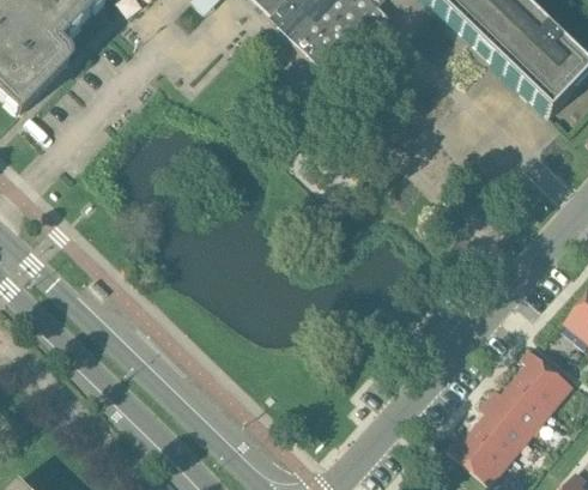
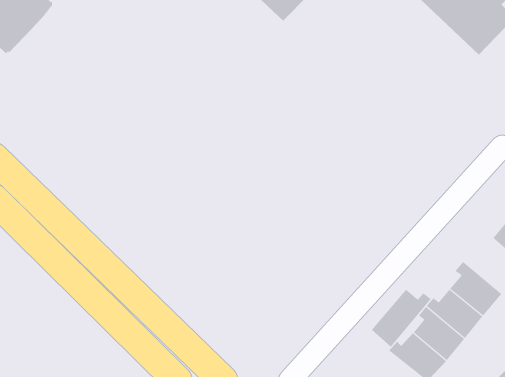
building: none -> [371,289,432,347]

